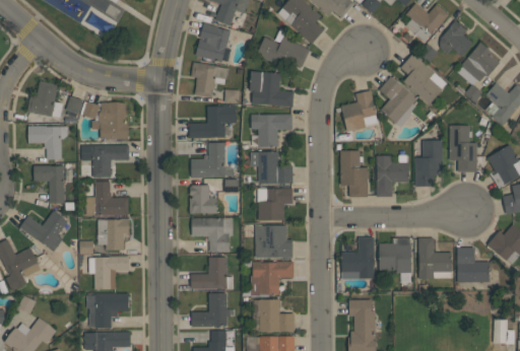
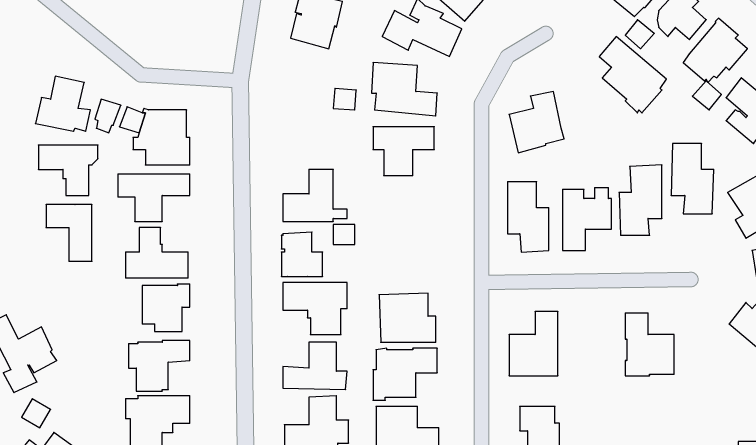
building: [191,63,229,97] -> none
building: [380,77,416,127] -> none
building: [189,106,236,139] -> none
building: [251,152,292,184] -> none
building: [257,189,292,221] -> none
building: [19,211,68,252] -> none
building: [379,238,411,283] -> none
building: [457,248,490,282] -> none

